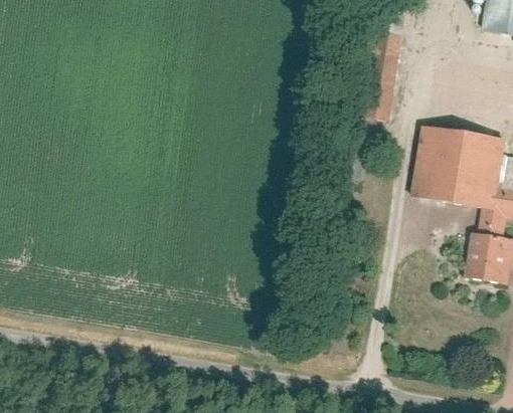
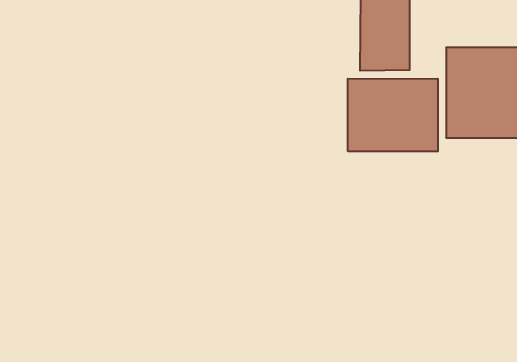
building: none -> [348,79,438,151]

